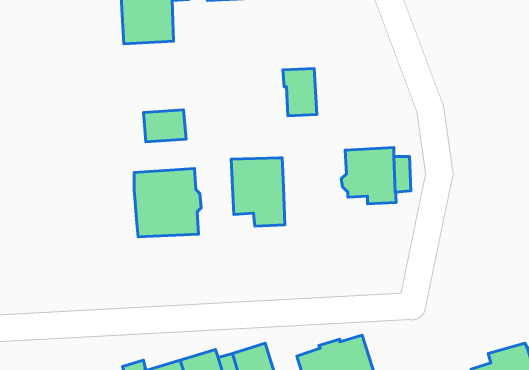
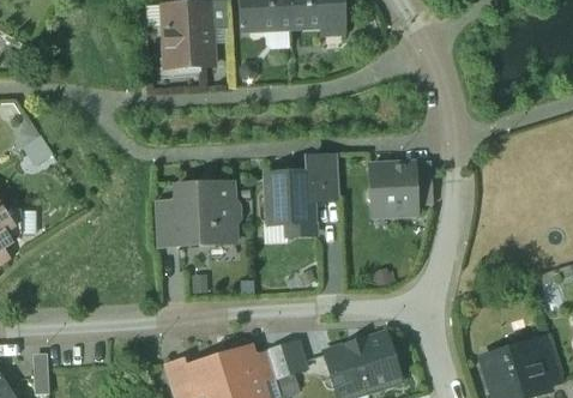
building: [283,69,317,116] -> [307,156,338,199]
building: [143,110,186,142] -> none
building: none -> [153,201,179,246]

